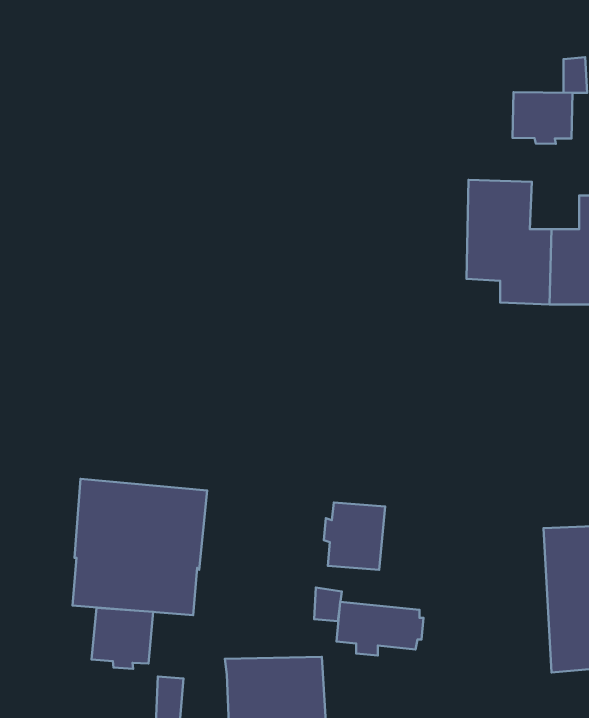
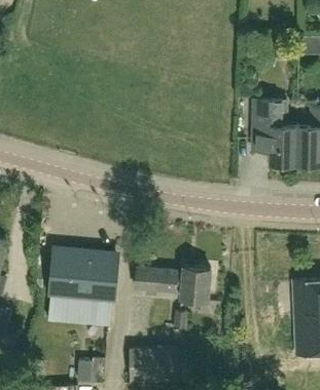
building: [512,92,573,144] -> none
building: [336,602,423,655] -> [134,267,179,295]
building: [92,608,153,669] -> none

